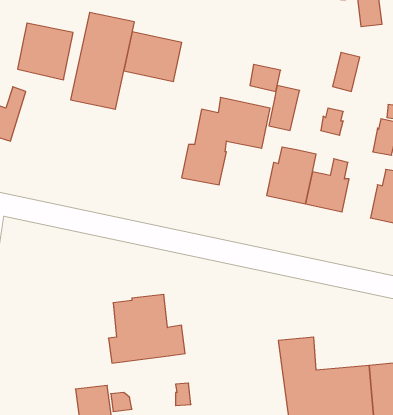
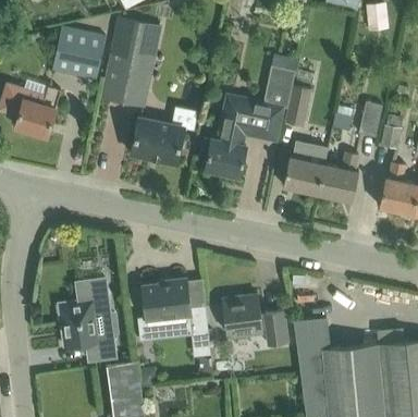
building: [124,32,182,81] -> [131,118,184,163]
building: [333,52,360,91] -> [359,100,384,136]
building: none -> [59,278,120,364]
building: none -> [221,295,287,348]

